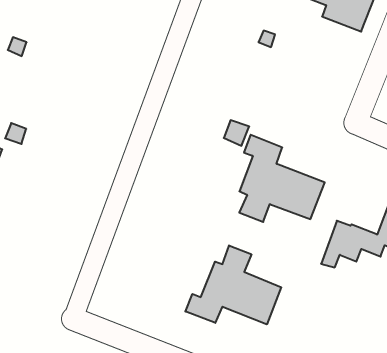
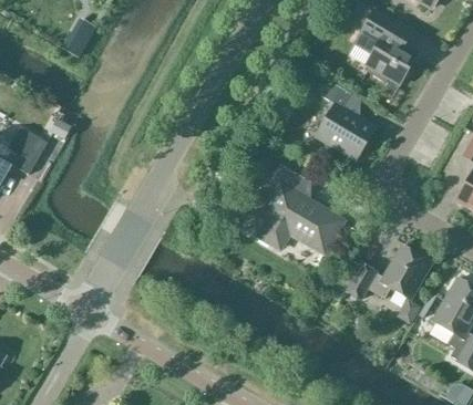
building: none -> [316,80,373,157]
building: [185,245,281,324] -> none

